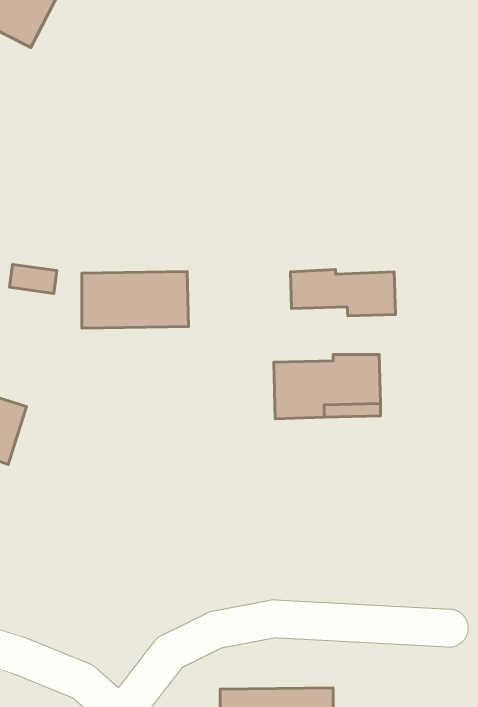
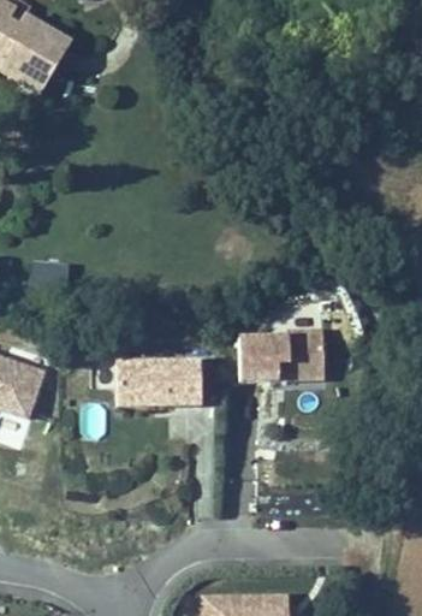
building: [291,269,396,316] -> none
building: [82,272,189,328] -> [113,361,197,405]

